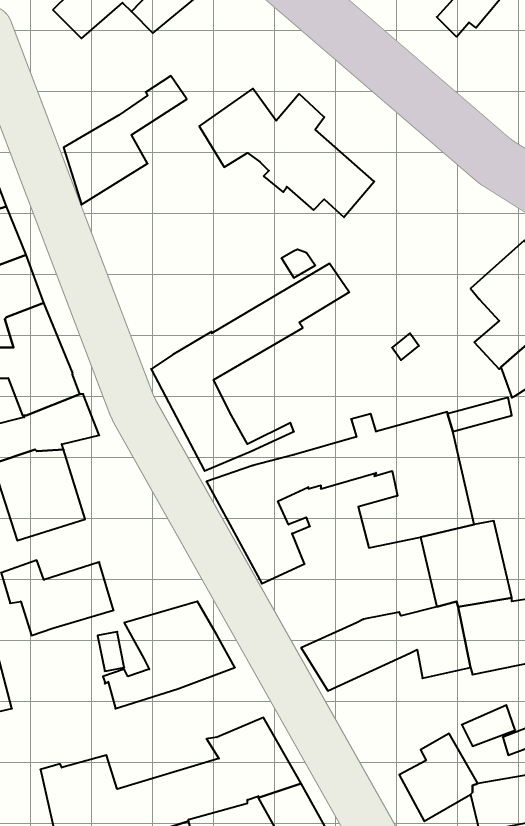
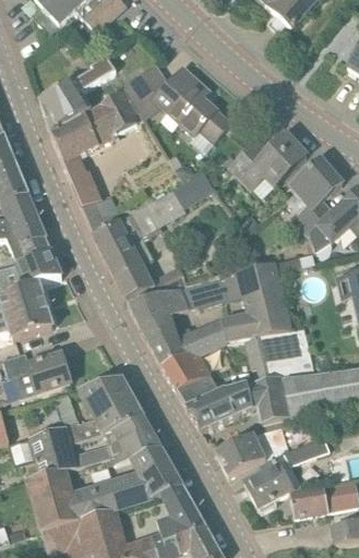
building: none -> [51,89,139,163]
building: none -> [227,132,308,197]
building: none -> [70,170,107,234]
building: none -> [161,318,227,404]
building: none -> [28,416,163,477]
building: none -> [217,425,286,476]

